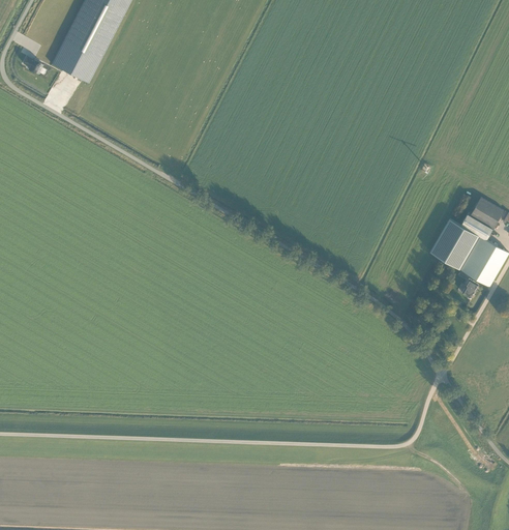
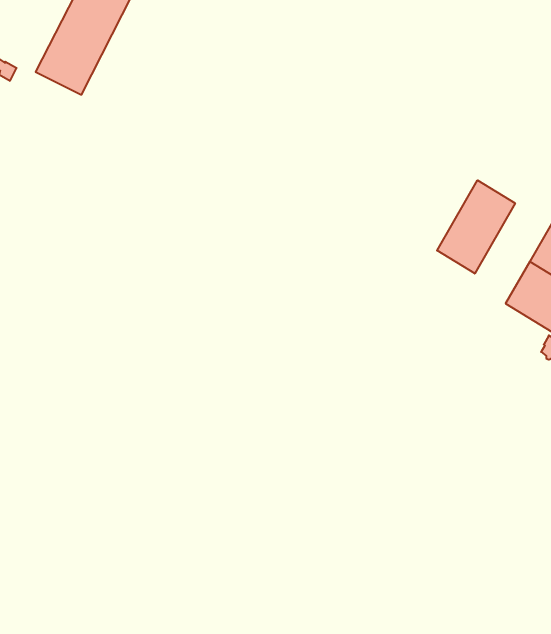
building: none -> [437,180,515,274]

